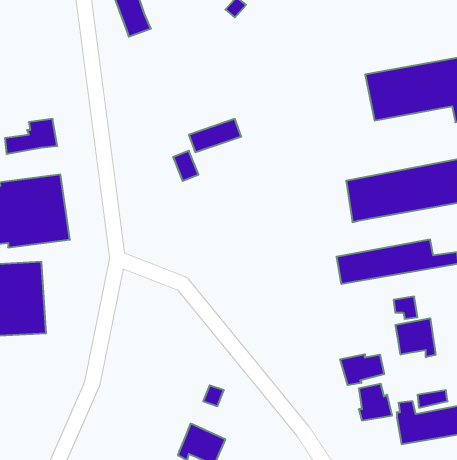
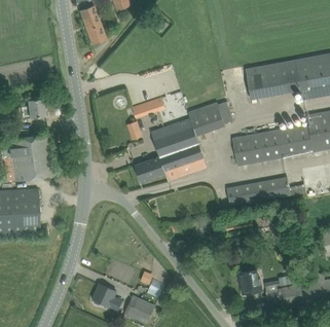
building: none -> [135,102,224,182]
building: [395,318,435,357] -> none
building: [340,354,384,385] -> none
building: none -> [93,284,121,310]

